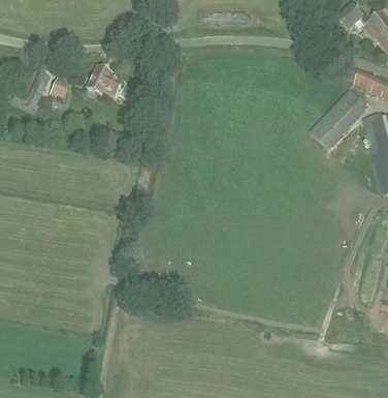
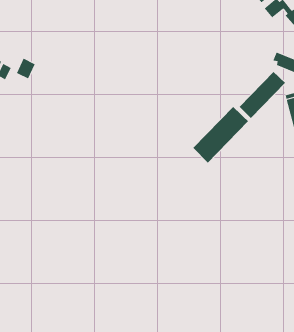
building: [86,65,121,95] -> none
building: none -> [193,106,251,163]

